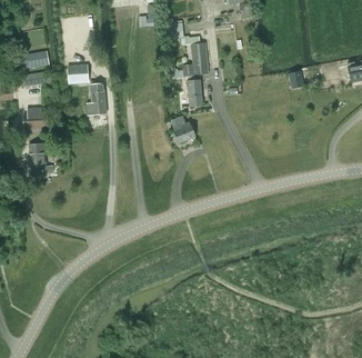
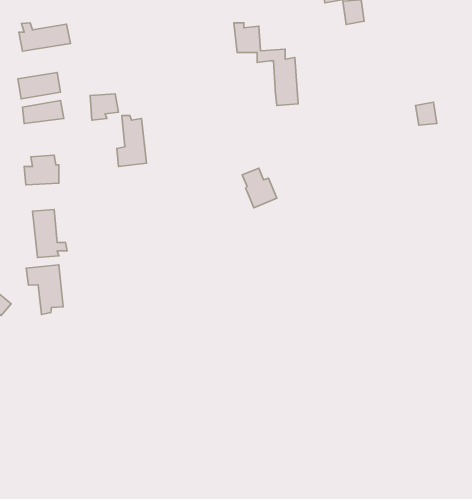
building: none -> [19,23,71,51]
building: [183,62,203,106] -> none
building: none -> [26,265,63,314]

